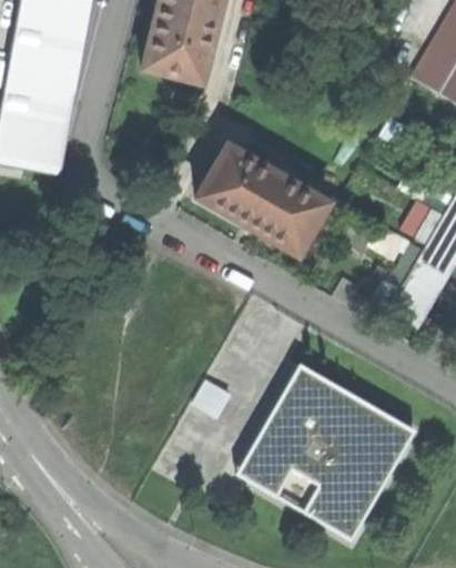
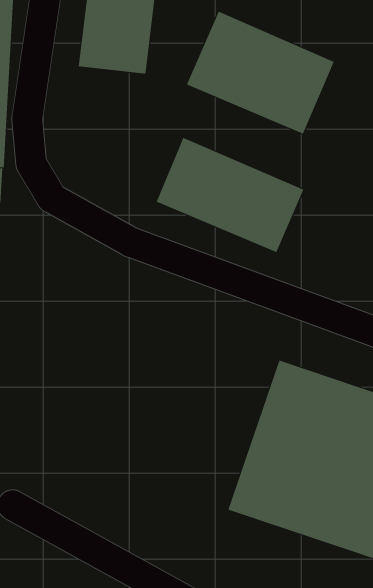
building: none -> [186,11,334,134]

